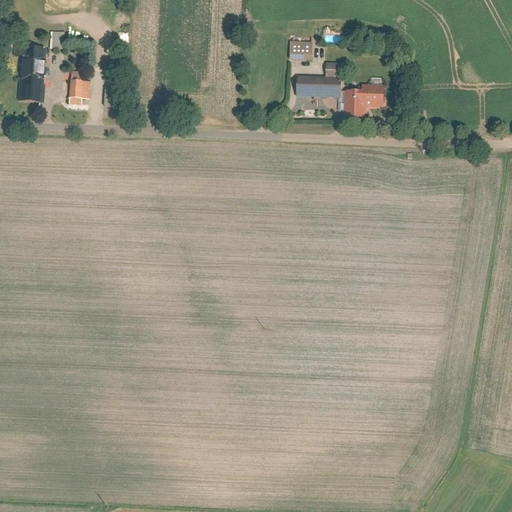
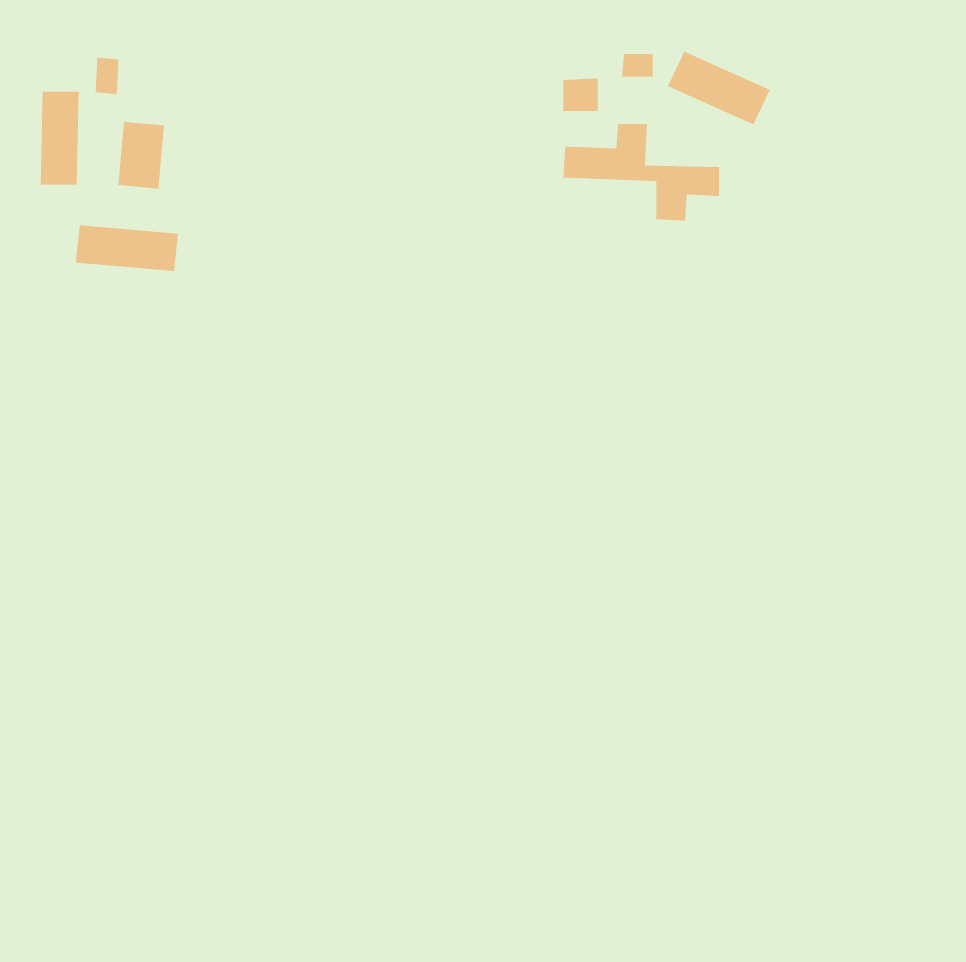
building: none -> [667,51,771,125]
building: none -> [75,224,179,272]

